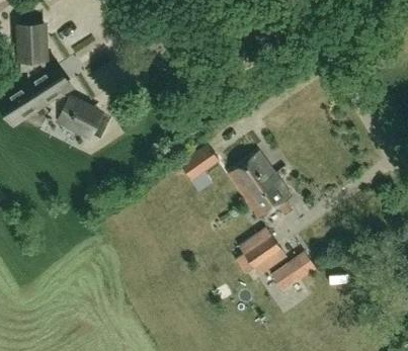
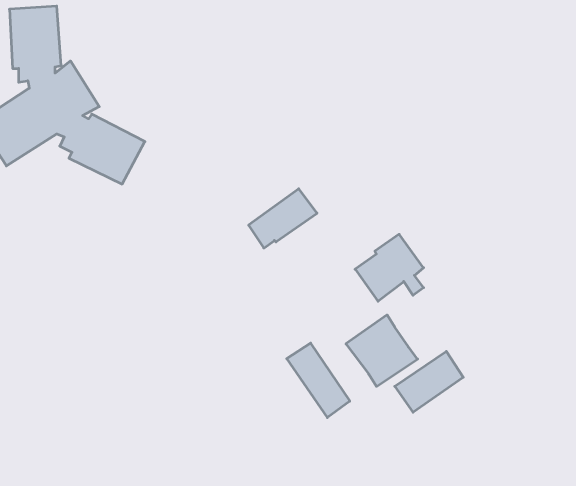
building: [229,151,274,196] -> none
building: none -> [287,343,350,418]

